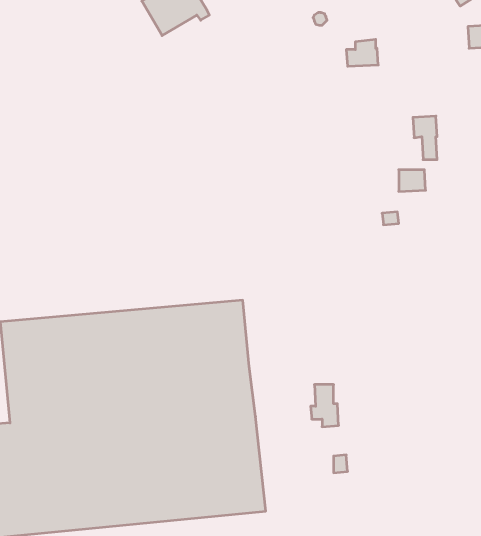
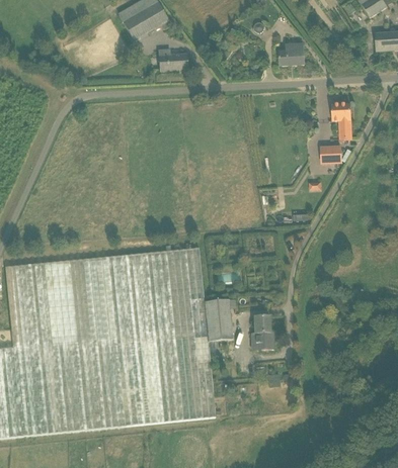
building: none -> [159,48,187,70]
building: none -> [203,298,232,341]

